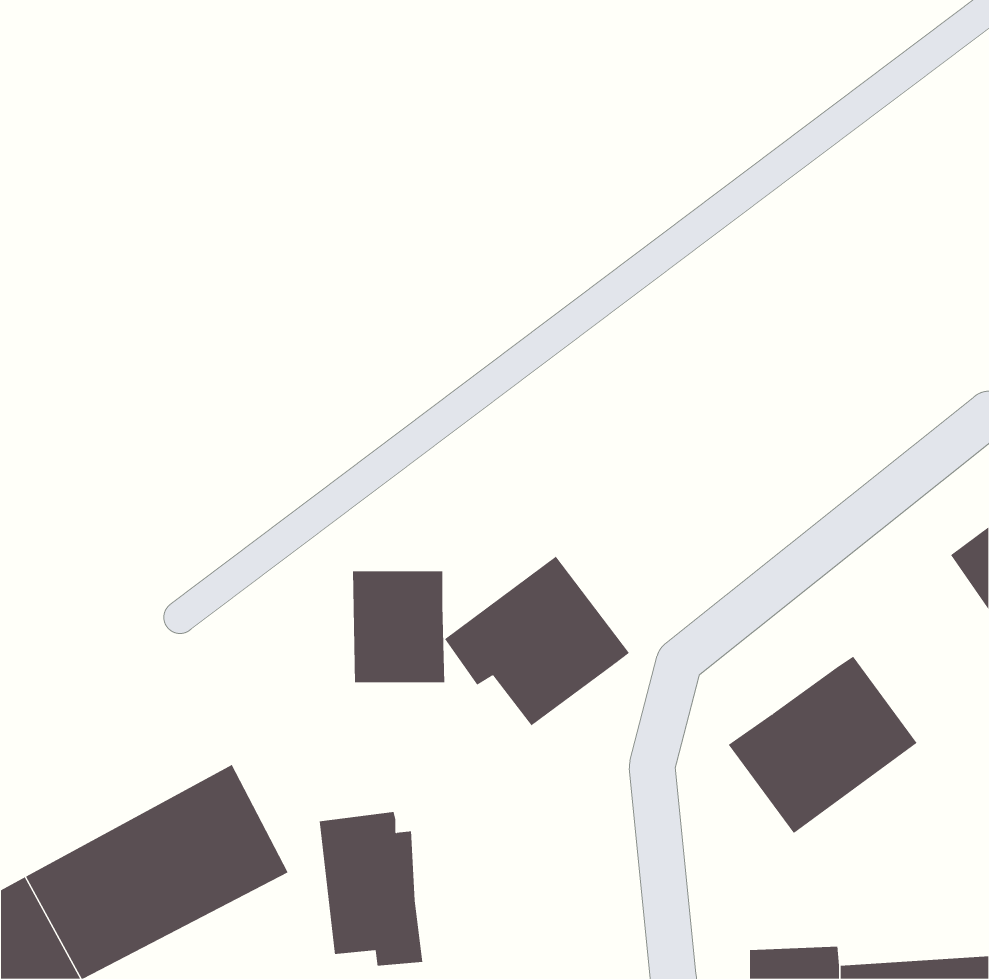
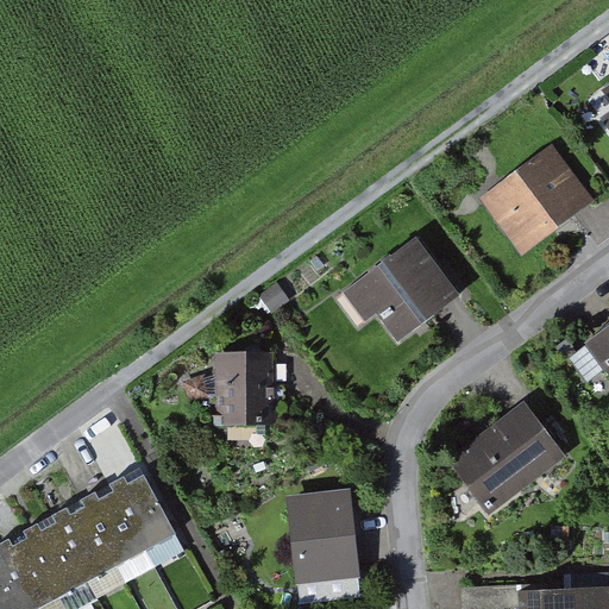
building: none -> [483,146,591,251]
building: [444,556,630,726] -> [345,238,459,343]
building: [319,811,423,966] -> [293,492,357,588]

